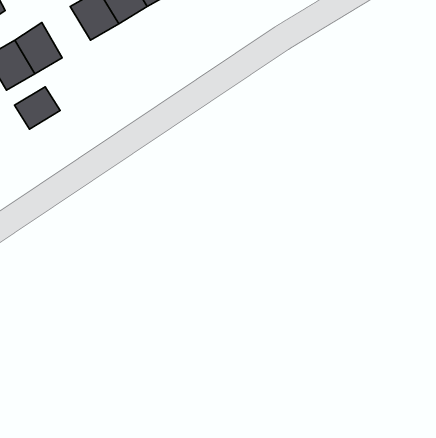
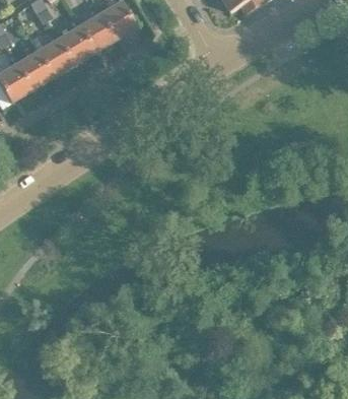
building: none -> [34,40,71,78]
building: [14,87,60,129] -> none

